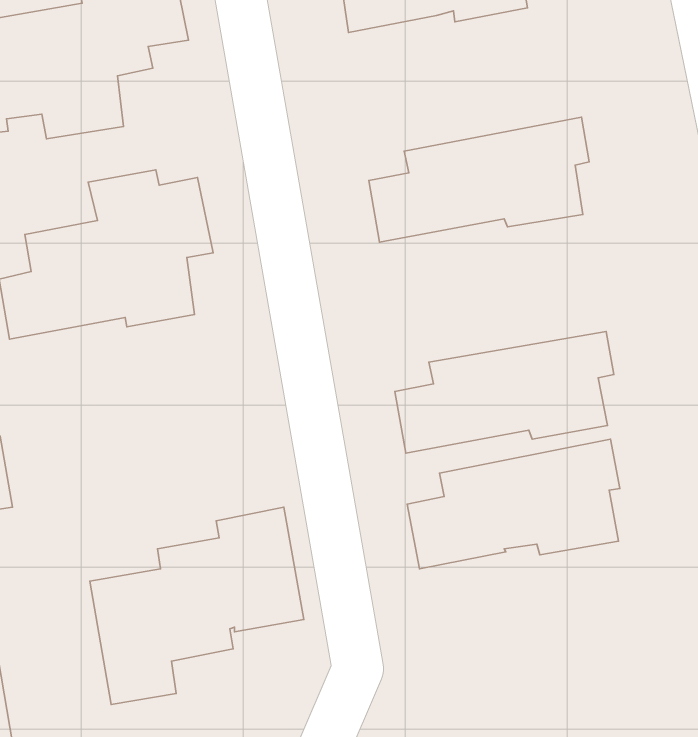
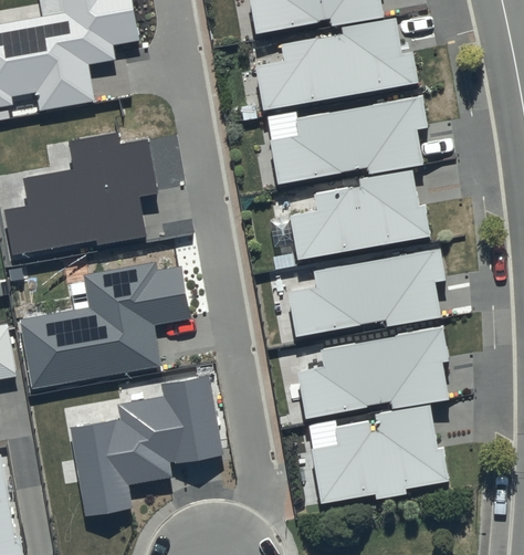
building: none -> [254,17,417,111]
building: none -> [289,169,429,260]
building: none -> [19,262,190,389]
building: none -> [311,405,448,504]

